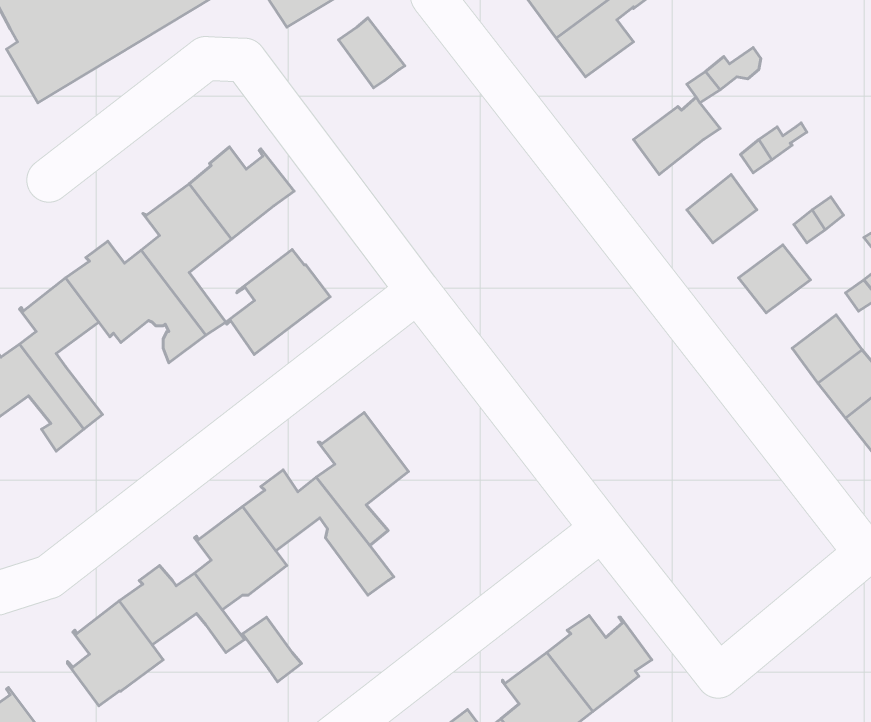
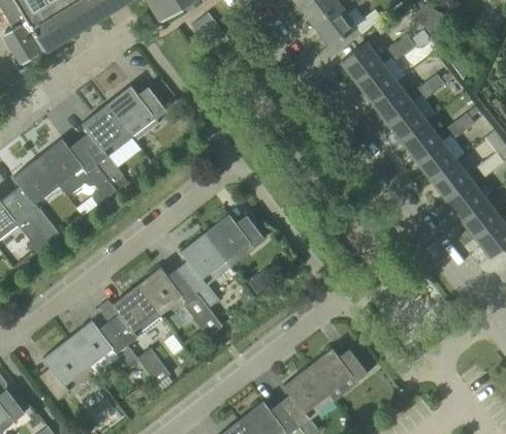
building: none -> [341,41,381,81]
building: none -> [371,81,411,120]
building: none -> [401,120,440,158]
building: [226,250,330,354] -> none
building: none -> [431,159,470,197]
building: none -> [205,213,264,267]

